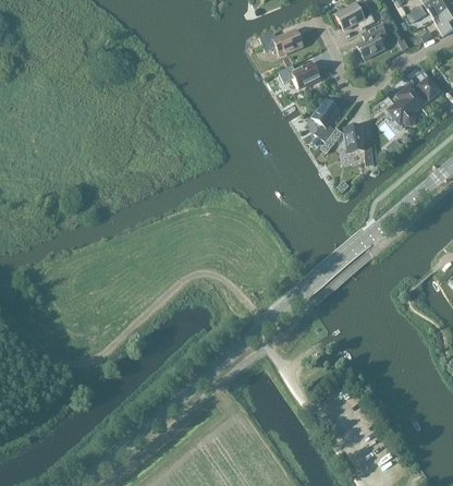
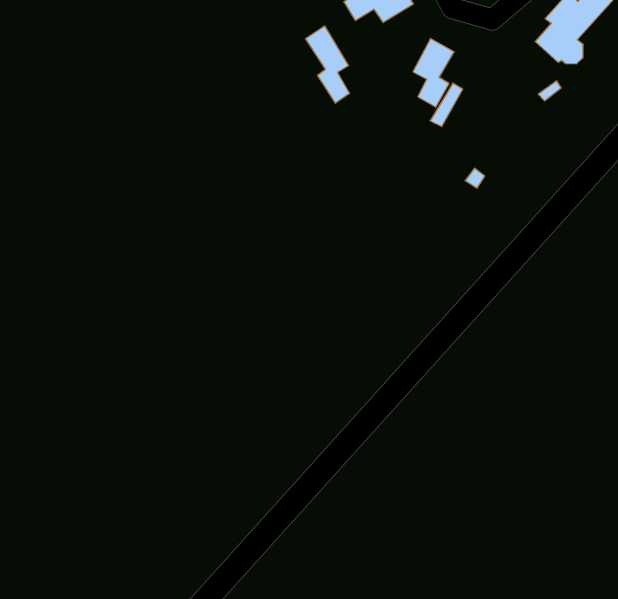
building: none -> [306,26,350,103]
building: [345,125,375,166] -> none

